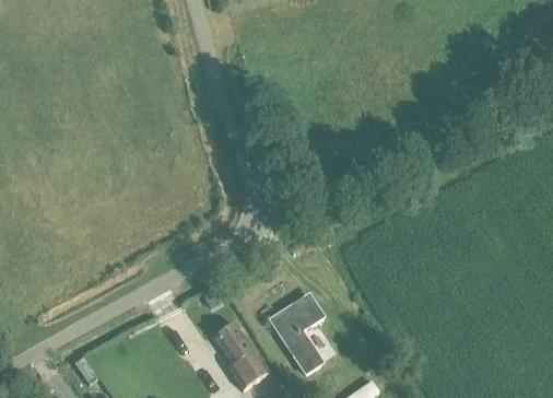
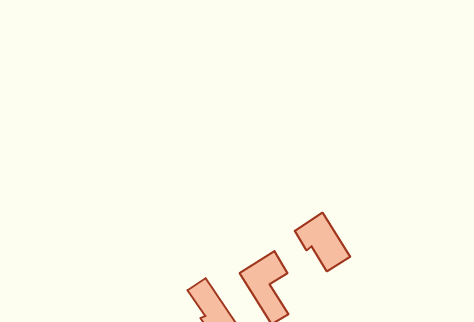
building: none -> [295,213,350,271]

